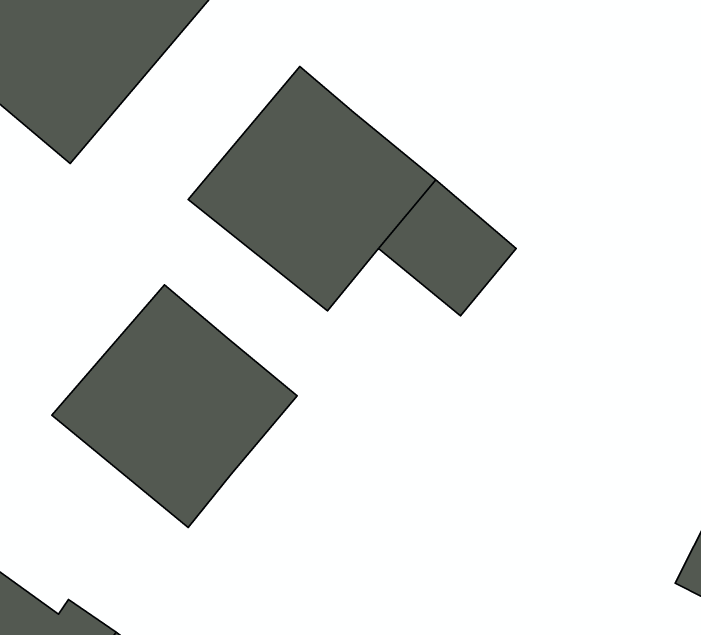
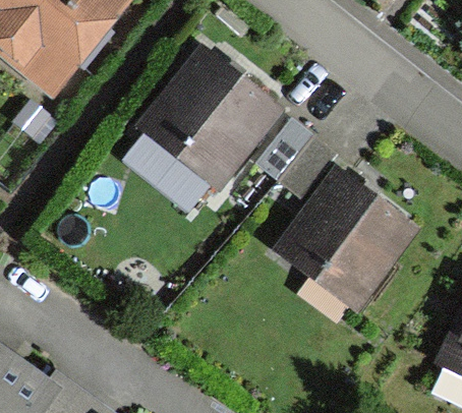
building: none -> [272,170,415,310]
building: [52,285,297,527] -> none

